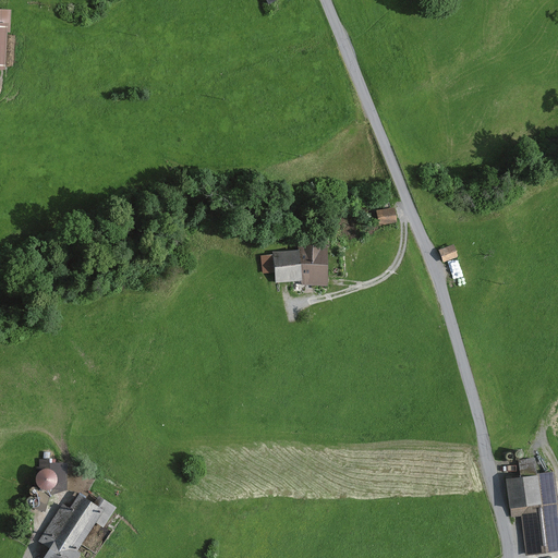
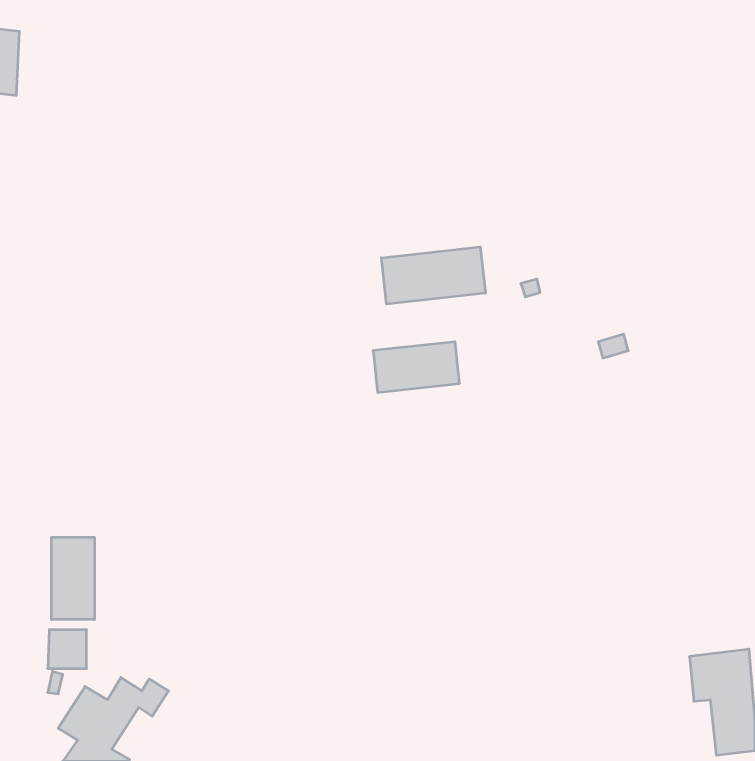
building: none -> [381,247,485,304]
building: none -> [52,537,94,620]

